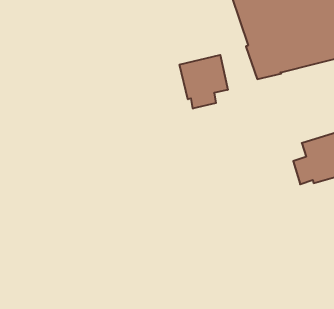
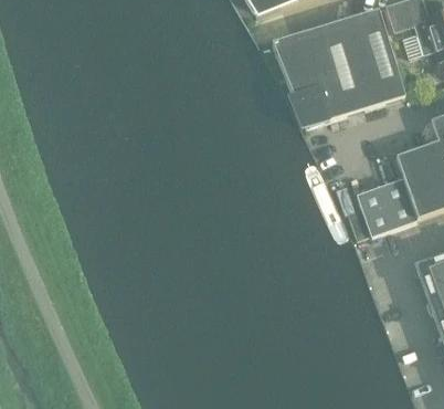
building: [180,55,228,109] -> none

